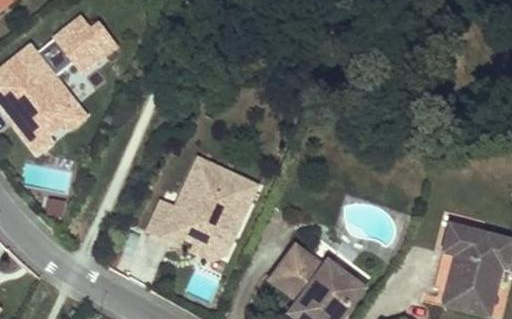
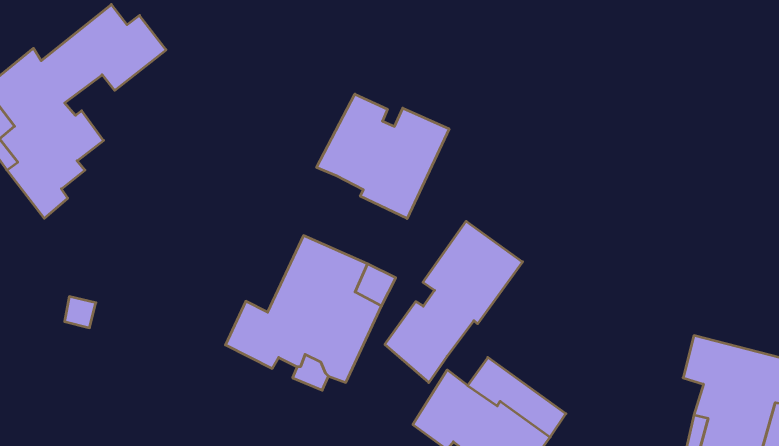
building: none -> [317,94,449,219]
building: none -> [385,221,523,383]

